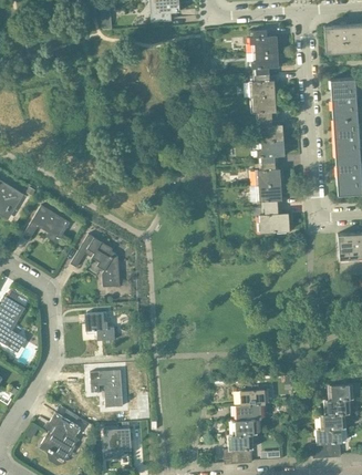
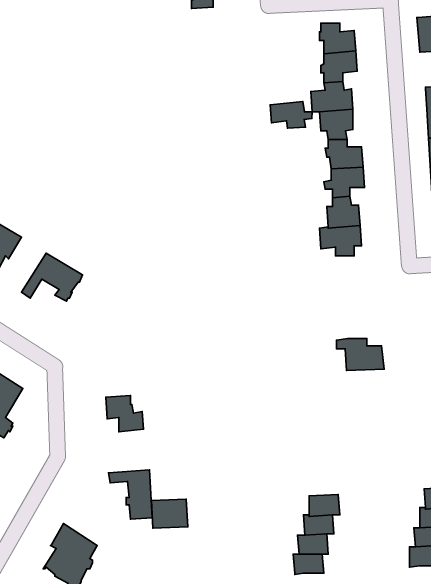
building: none -> [270,102,312,128]
building: [254,209,290,234] -> [336,339,384,371]
building: [71,235,121,289] -> none
building: [104,431,132,453] -> [151,499,188,528]

